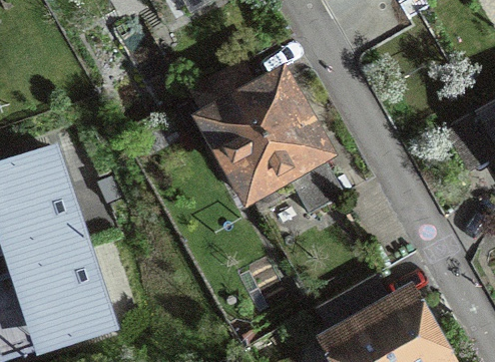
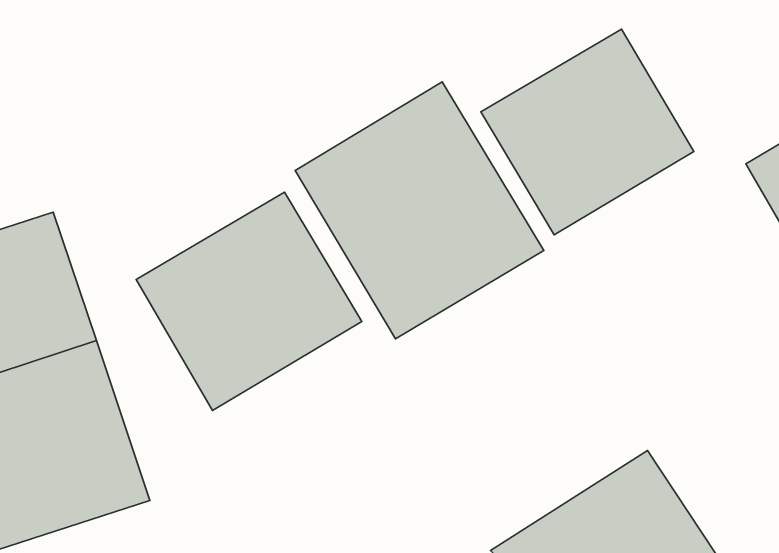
building: none -> [481,29,694,235]
building: none -> [136,192,362,410]

